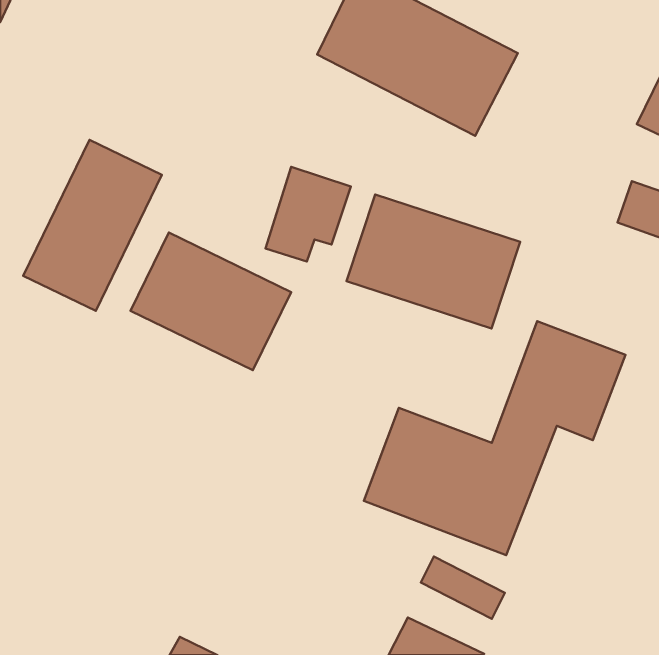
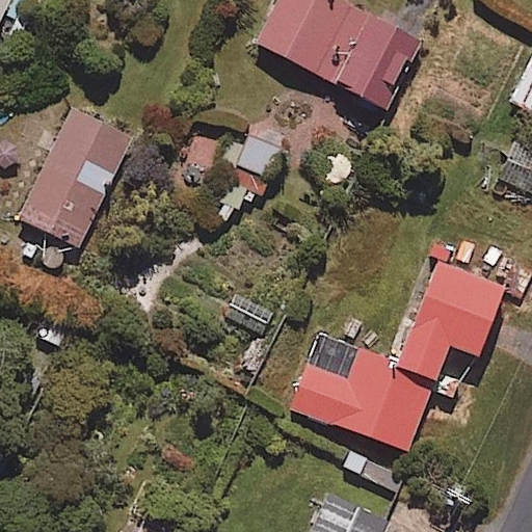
building: [347,195,520,328] -> none
building: [131,233,291,370] -> none

